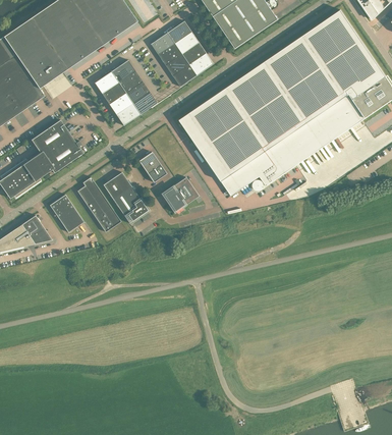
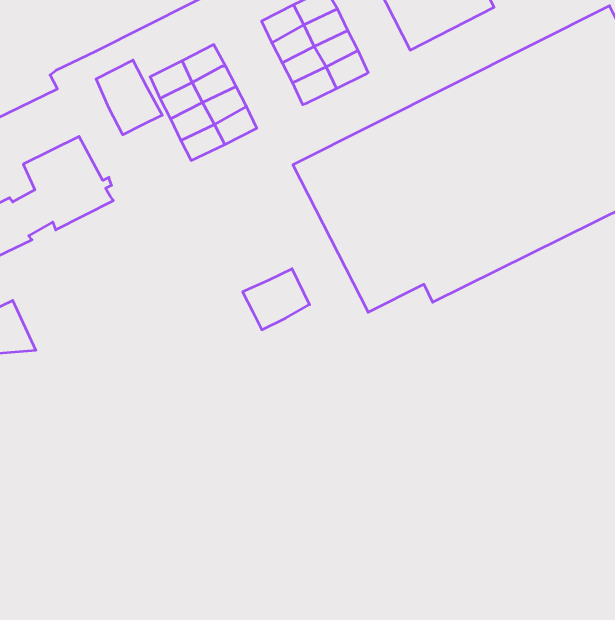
building: none -> [96,60,162,135]
building: [137,152,166,182] -> none
building: [102,172,149,223] -> none
building: [76,177,120,232] -> none
building: [49,195,82,232] -> none

